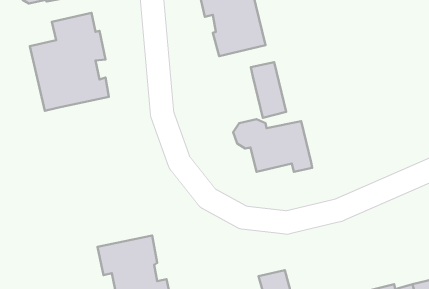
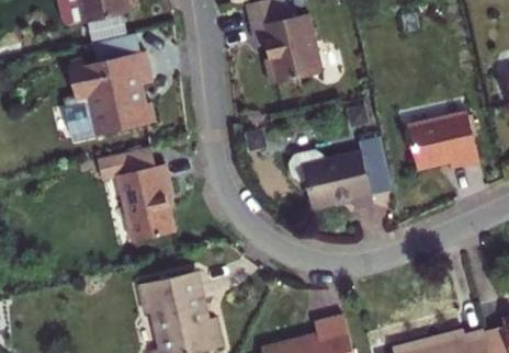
building: [251,62,286,118] -> [358,137,396,197]
building: none -> [410,112,482,168]
building: none -> [95,148,173,246]

